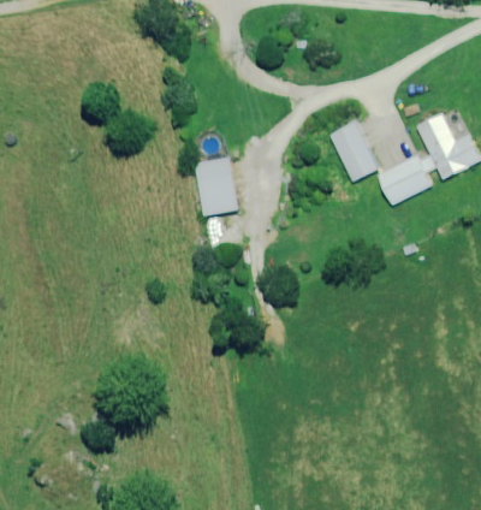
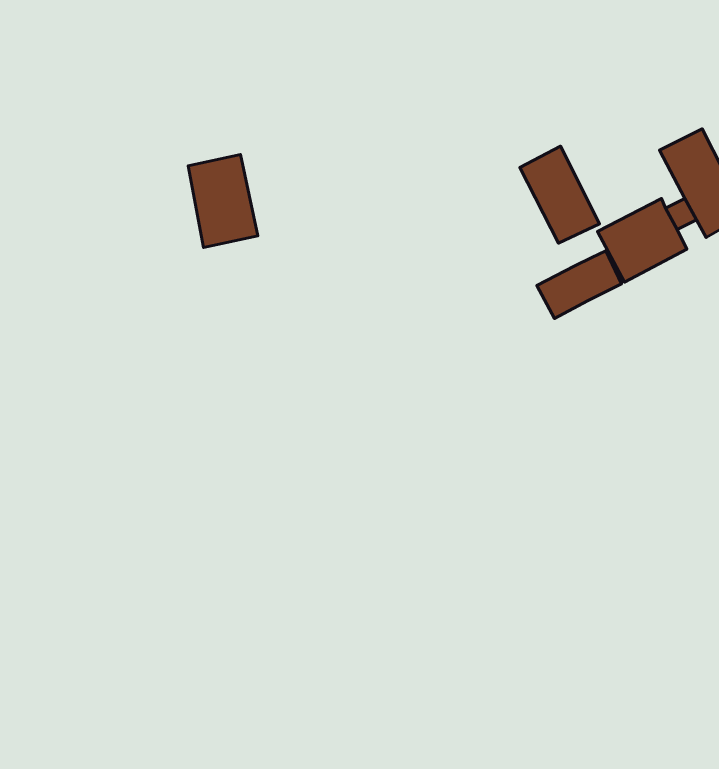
building: [195,158,238,215] -> [188,154,258,247]
building: none -> [537,251,622,318]

